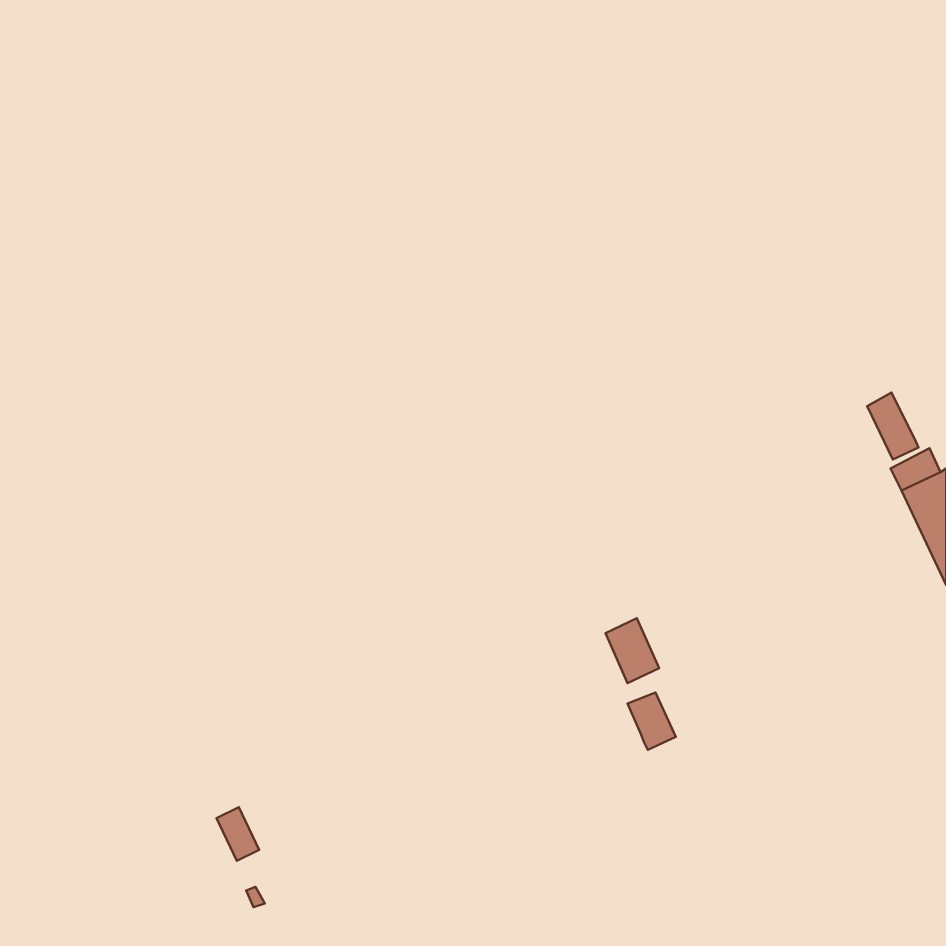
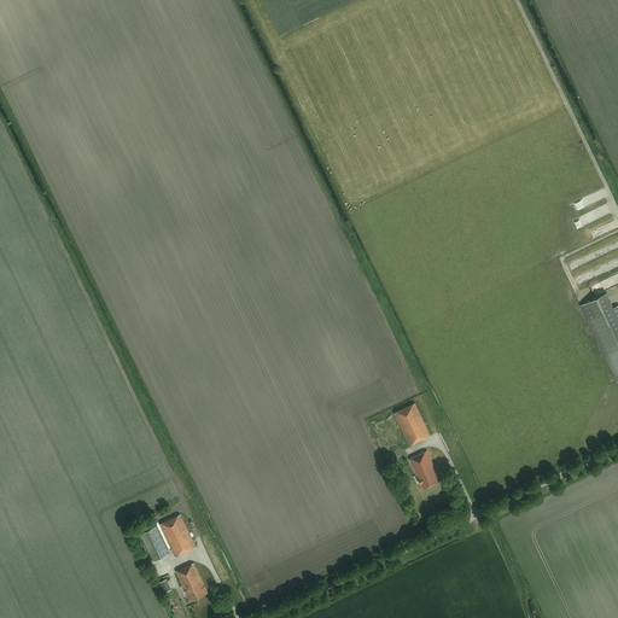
building: [867,393,919,460] -> none
building: none -> [159,514,196,558]
building: none -> [176,564,208,601]

